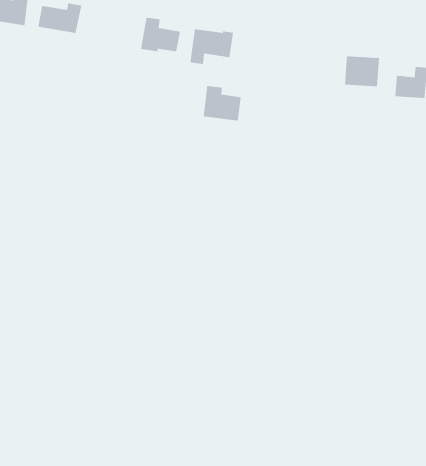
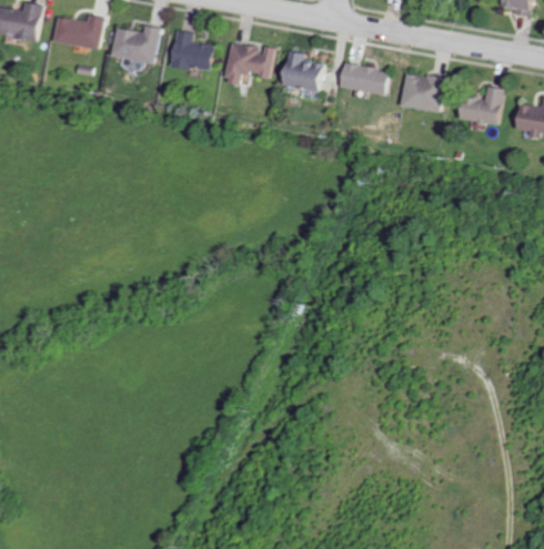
building: none -> [110,24,159,64]
building: none -> [342,64,392,93]
building: [203,86,241,121] -> [283,50,328,91]

